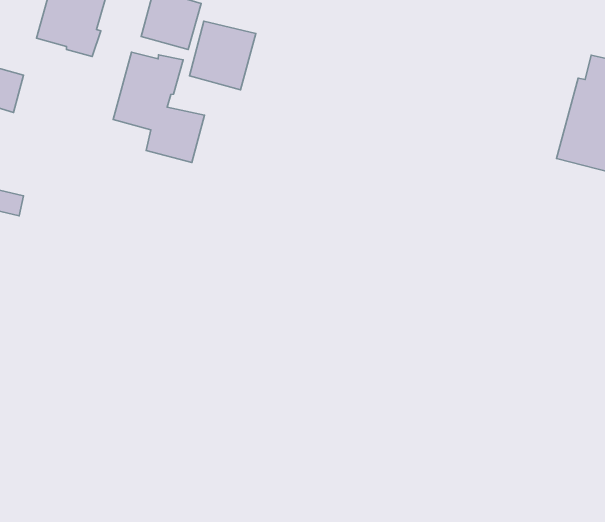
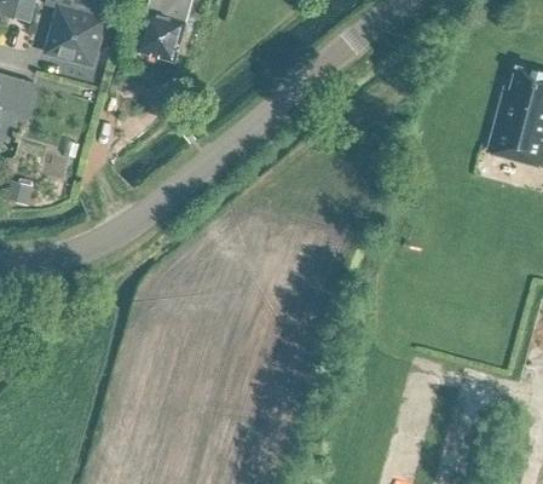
building: [189,21,256,90] -> none
building: [113,52,205,163] -> none

